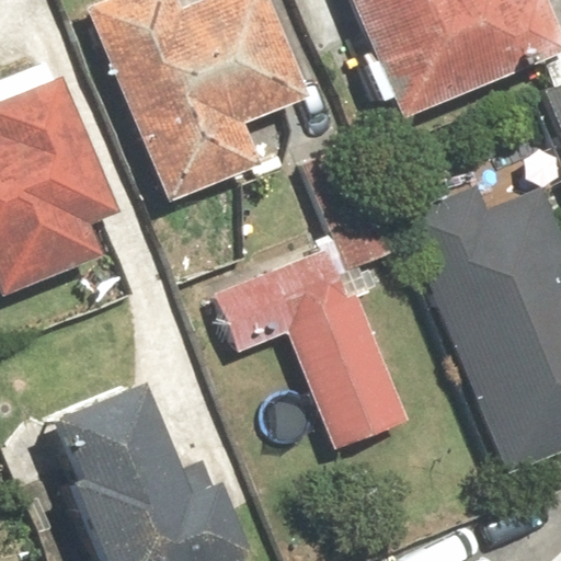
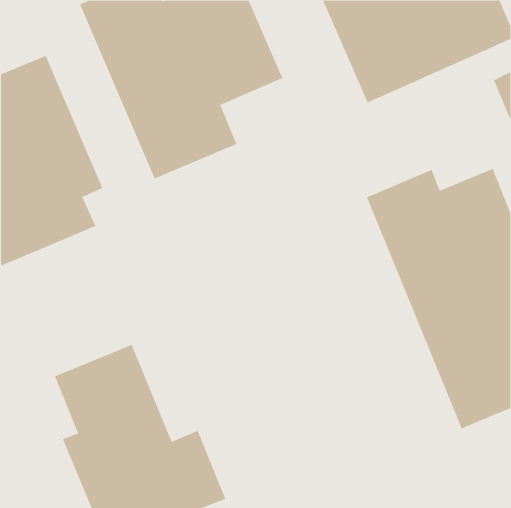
building: [216,148,408,448] -> none

